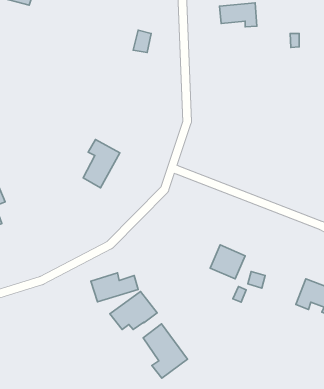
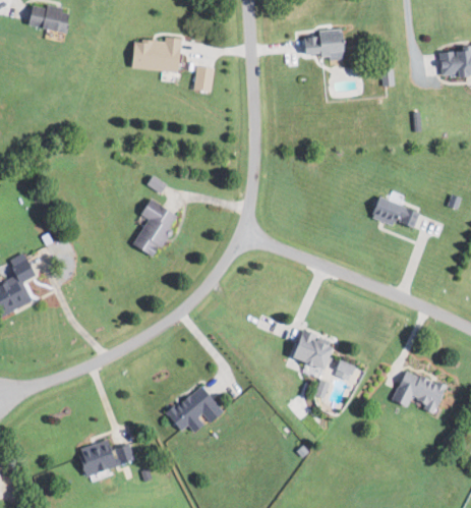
building: none -> [130,36,183,71]
building: none -> [369,194,421,229]
building: [91,273,138,302] -> [76,440,134,475]
building: [143,324,187,378] -> none

